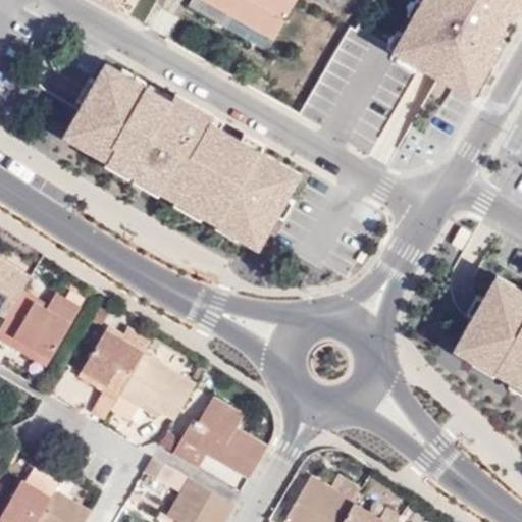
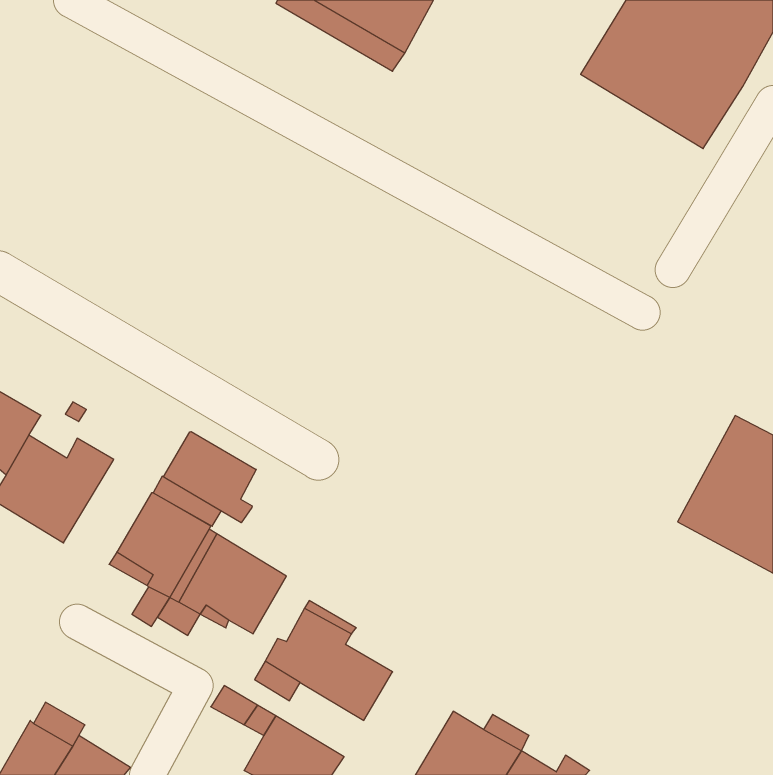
building: [71,68,307,245] -> none
building: none -> [163,432,256,523]

